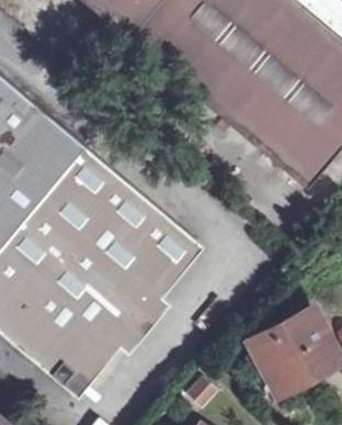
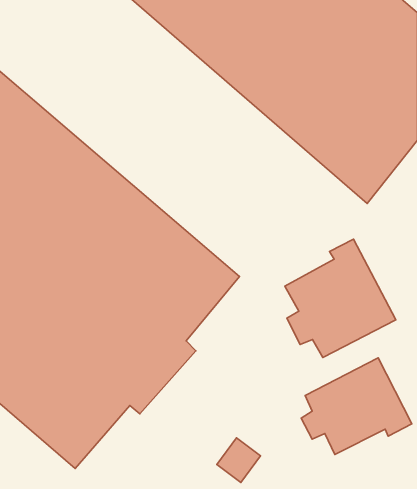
building: none -> [285,239,396,358]

